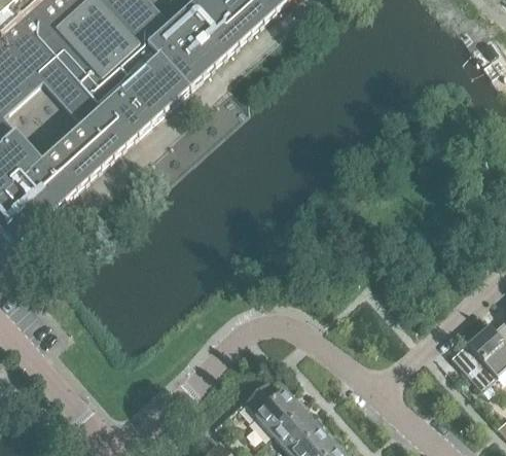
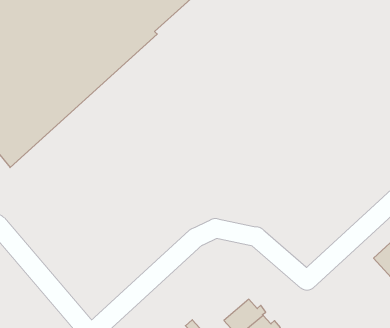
building: [244,380,305,433] -> none

